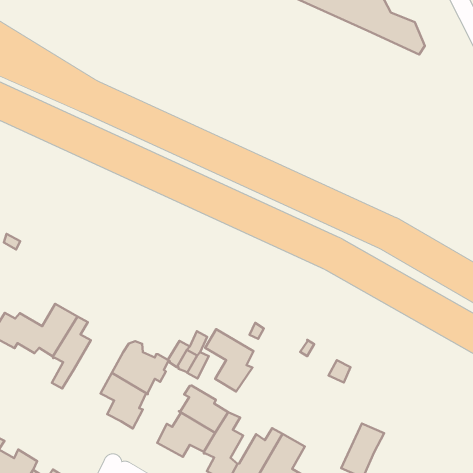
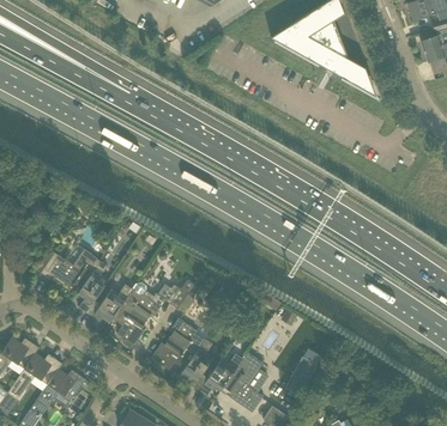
building: [205,329,254,391] -> none
building: none -> [84,285,131,322]

